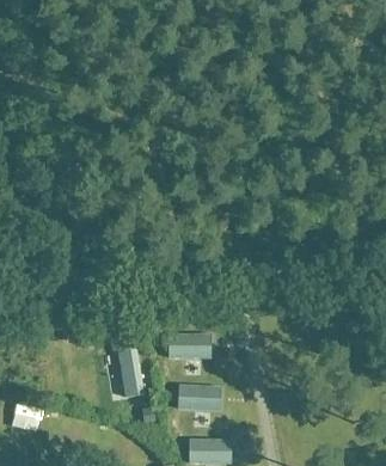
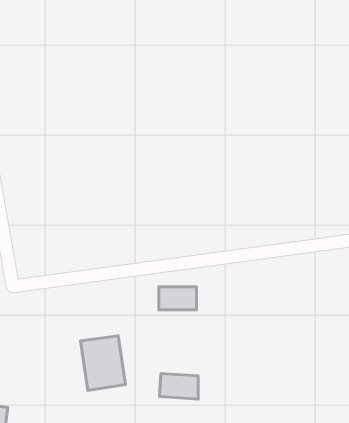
building: [172,336,209,358] -> [159,287,196,310]

